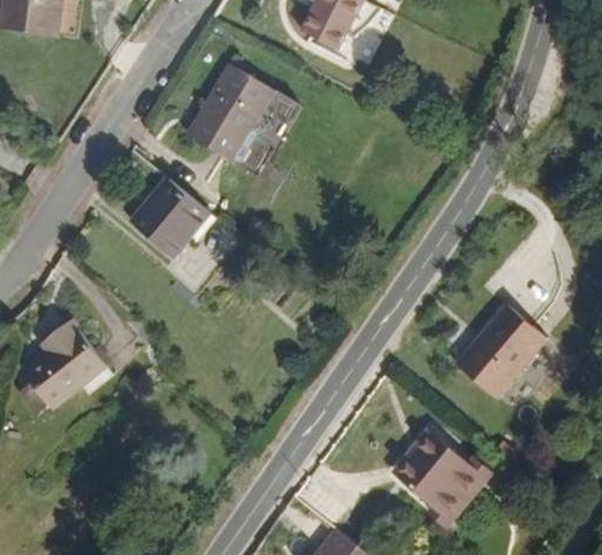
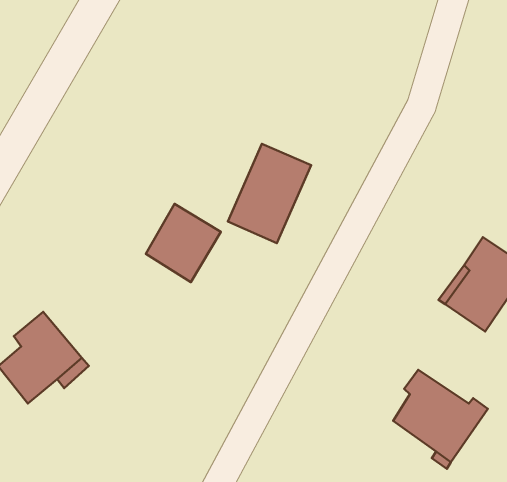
building: [194,71,281,169] -> [228,144,311,243]
building: [138,185,213,263] -> [146,204,221,282]

